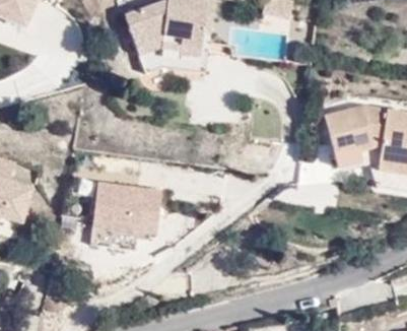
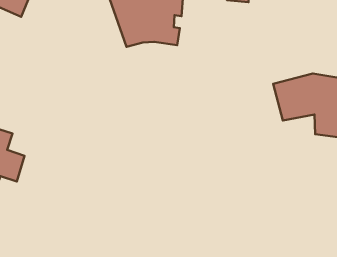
building: [96,188,167,256] -> none

